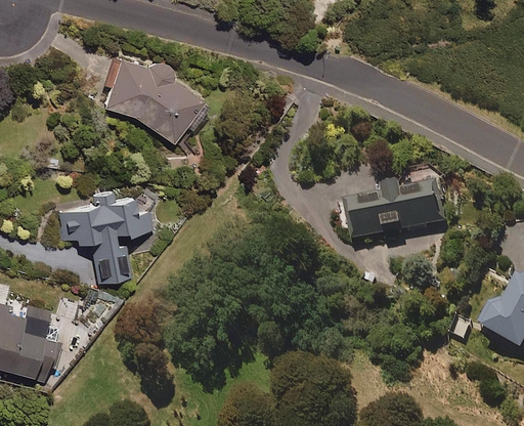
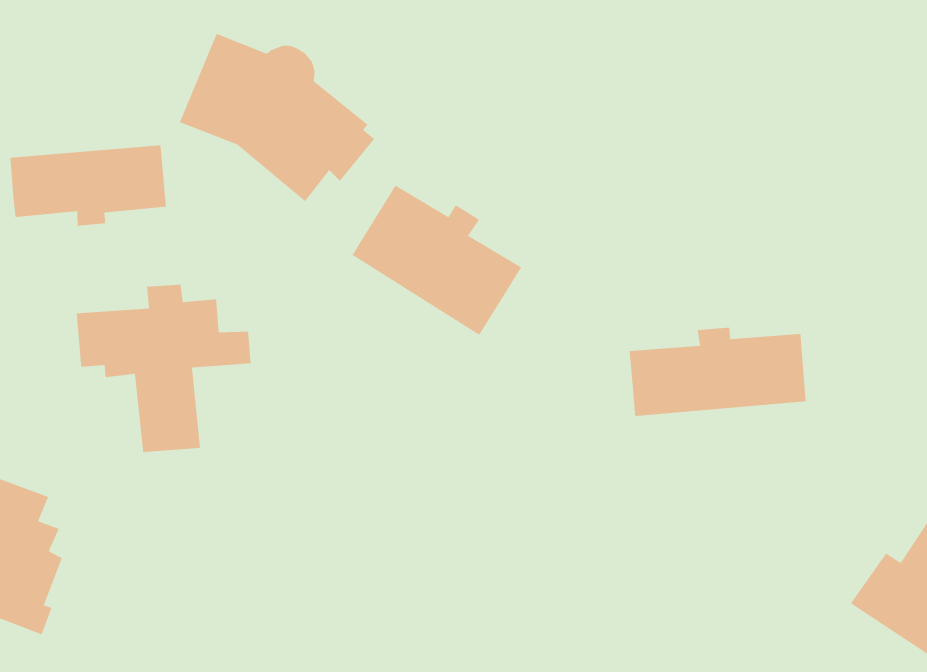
building: none -> [9,145,167,226]
building: none -> [351,184,522,336]

